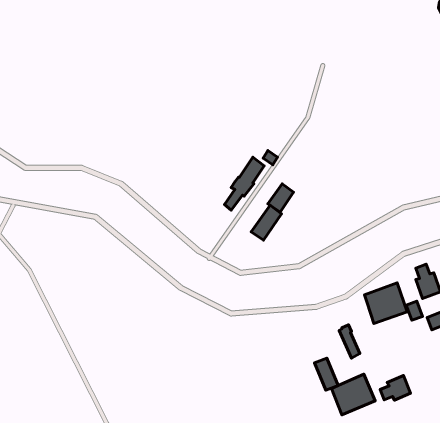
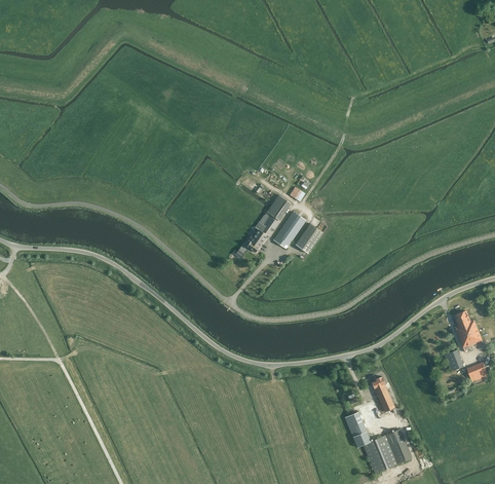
building: [251,205,282,240] -> [273,210,306,248]
building: [364,283,407,323] -> none
building: [380,376,411,400] -> none

